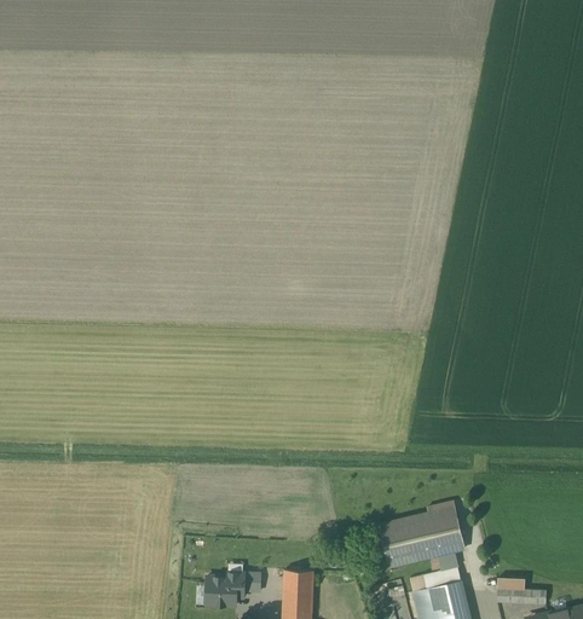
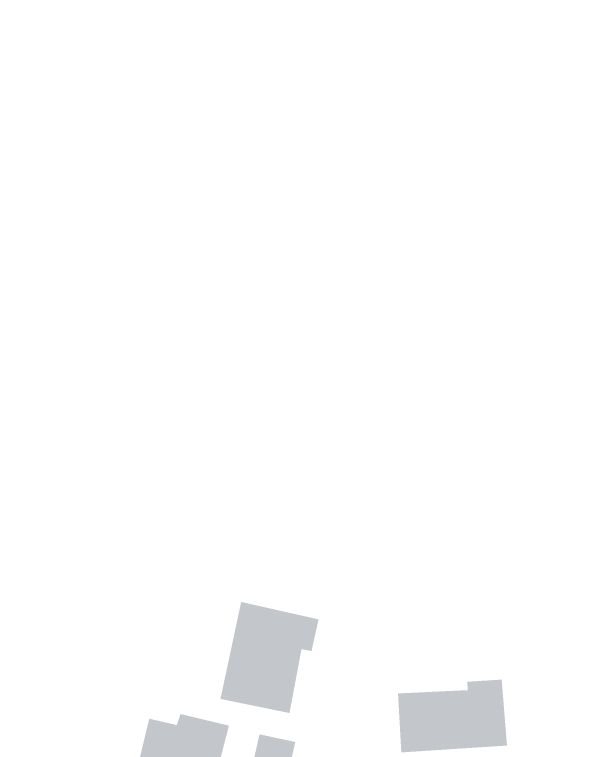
building: none -> [220,601,319,714]

